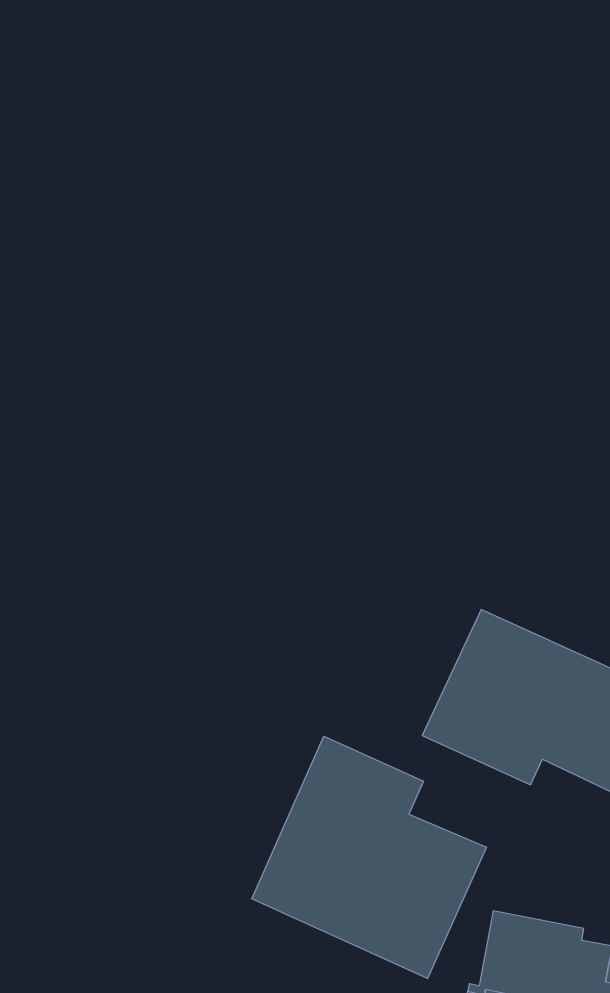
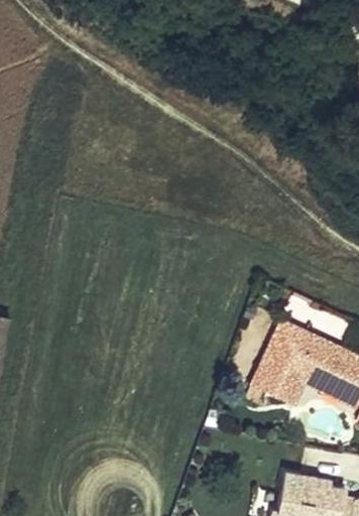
building: [252,736,486,979] -> none

